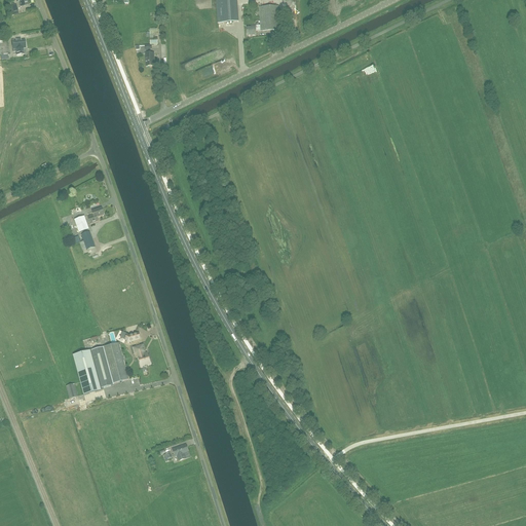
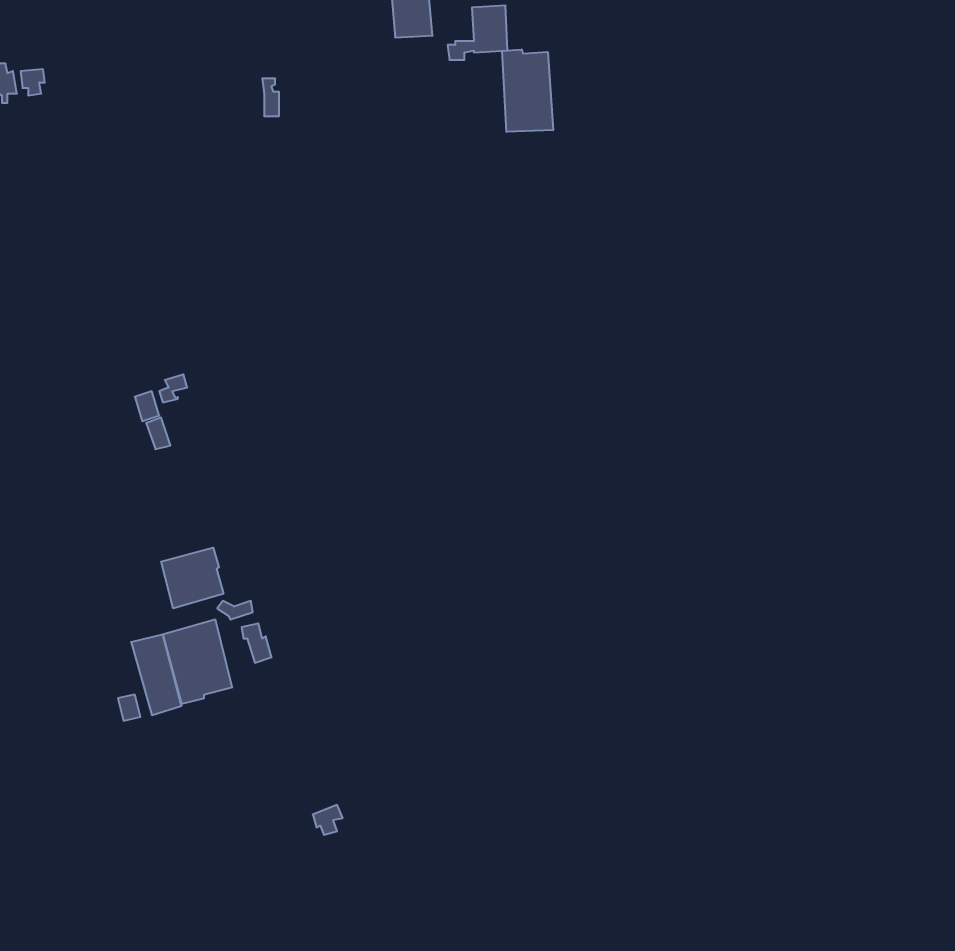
building: none -> [502,49,553,132]
building: none -> [161,548,223,608]

